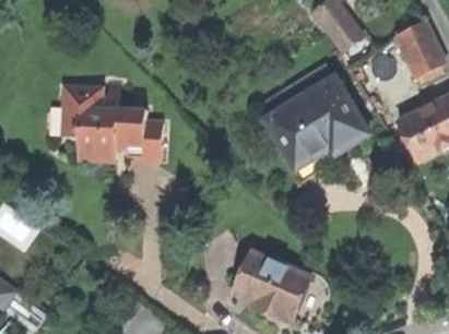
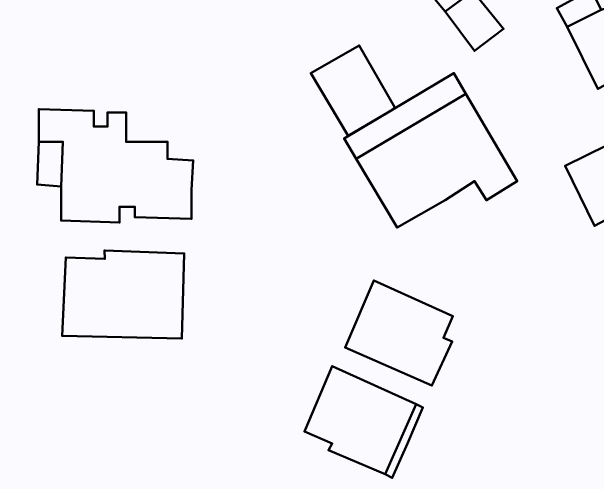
building: none -> [311,45,395,136]
building: none -> [62,250,184,338]
building: none -> [345,281,453,386]

